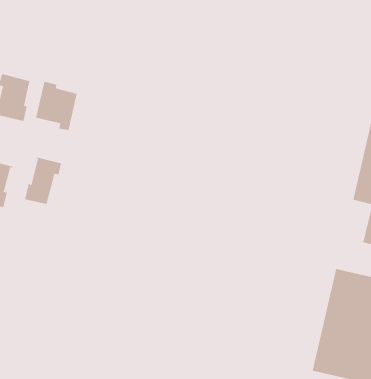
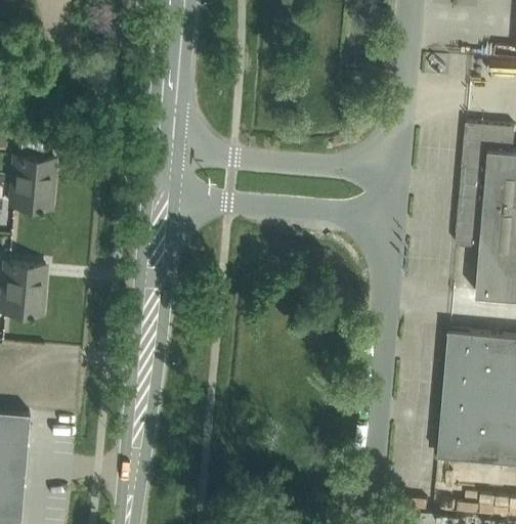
building: [35,81,78,131] -> none
building: [24,156,62,205] -> none

